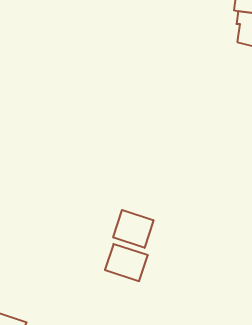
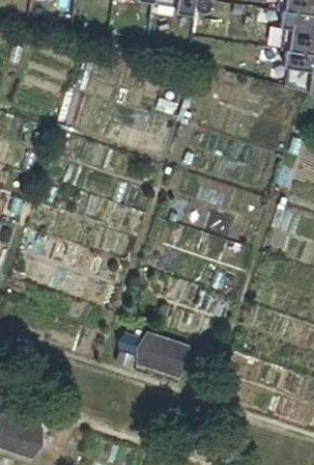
building: [113,210,153,248] -> none

